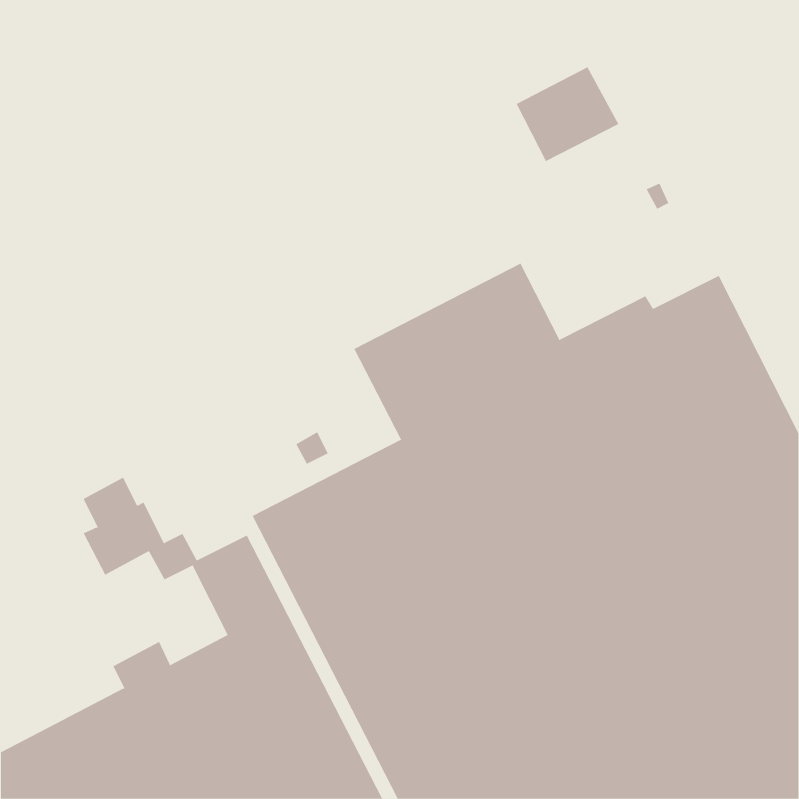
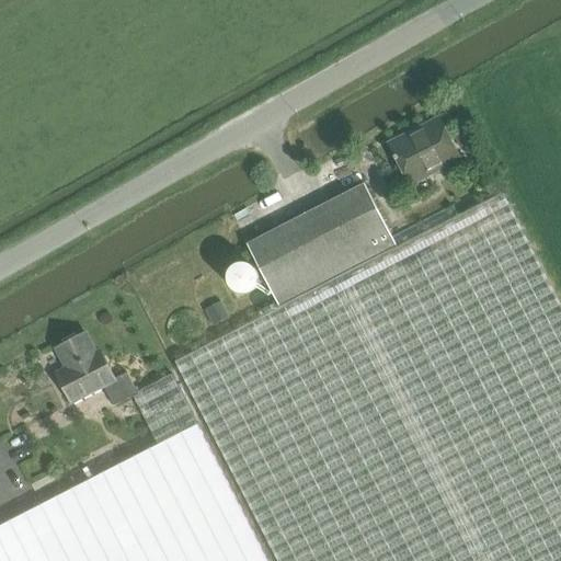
building: [516,66,619,162] -> [389,118,461,185]

